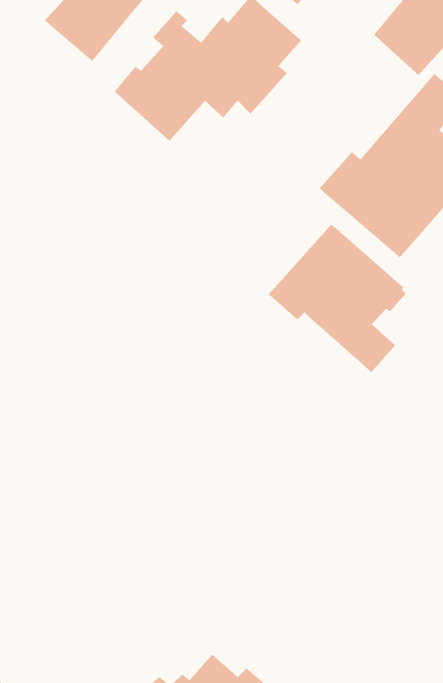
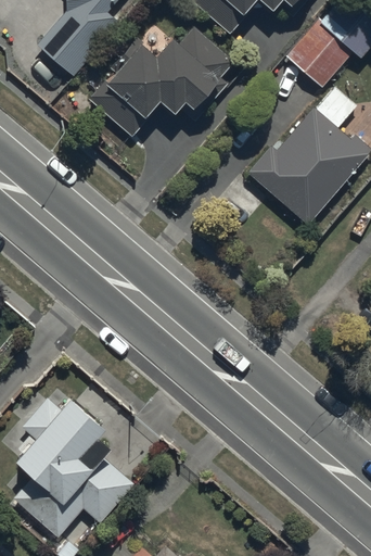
building: [268,223,407,373] -> none
building: none -> [13,377,132,525]

